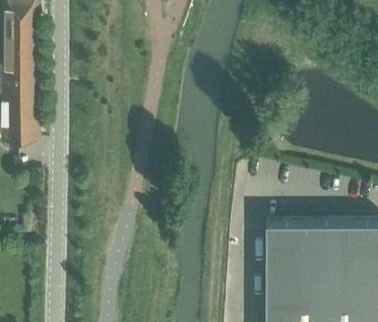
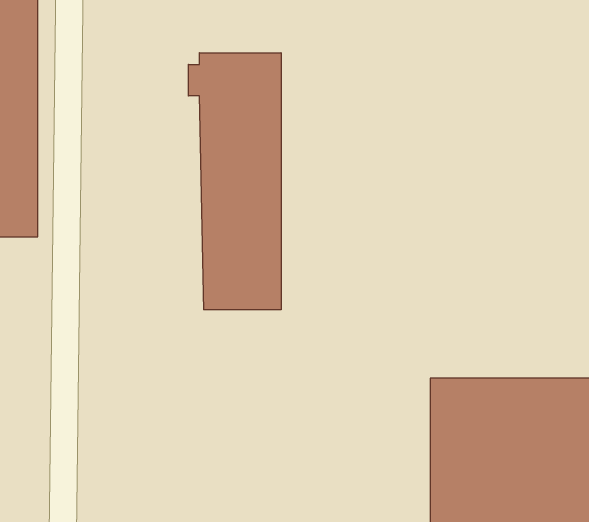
building: none -> [188,53,281,310]

